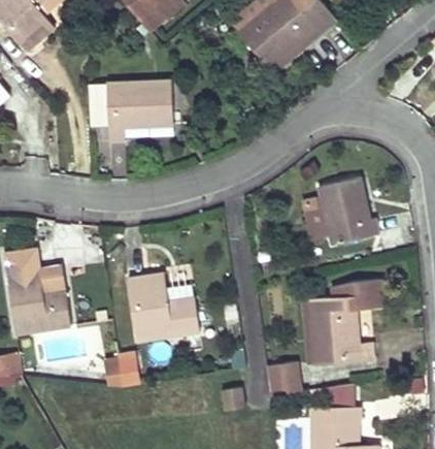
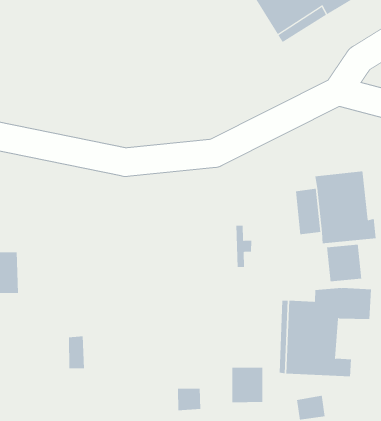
building: [105,79,172,141] -> none
building: none -> [326,244,362,282]
building: [127,271,200,341] -> none

